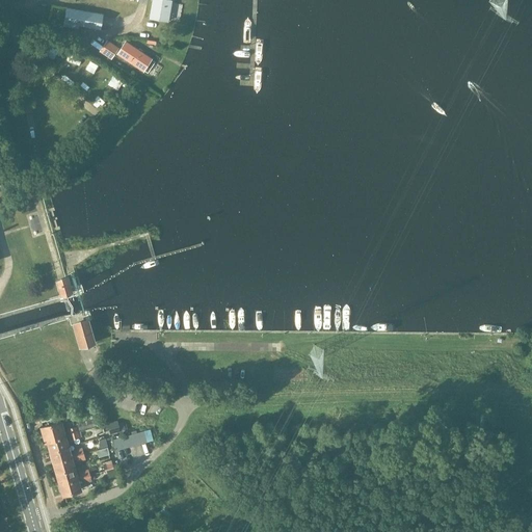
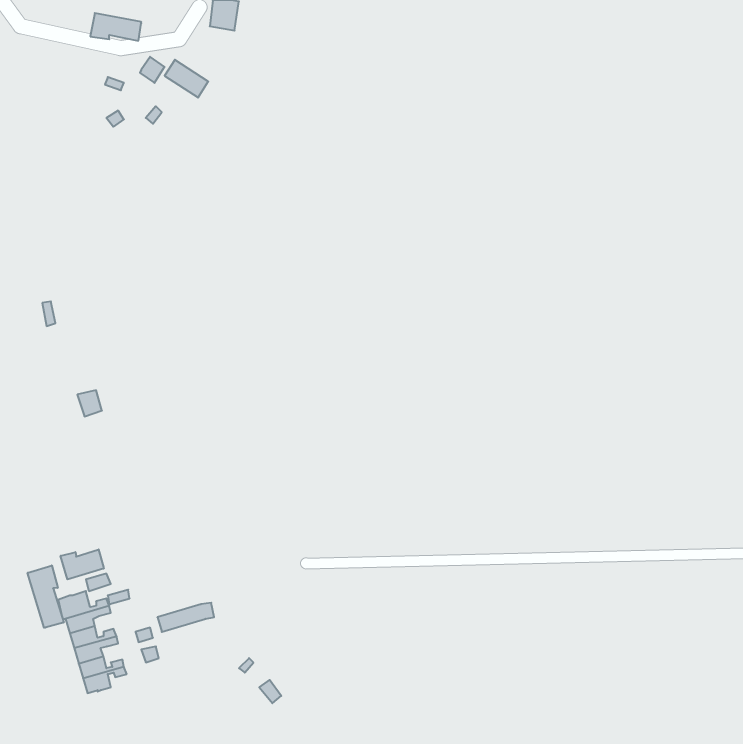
building: [73,319,97,349] -> none
building: none -> [61,549,104,579]
building: none -> [28,565,64,628]

